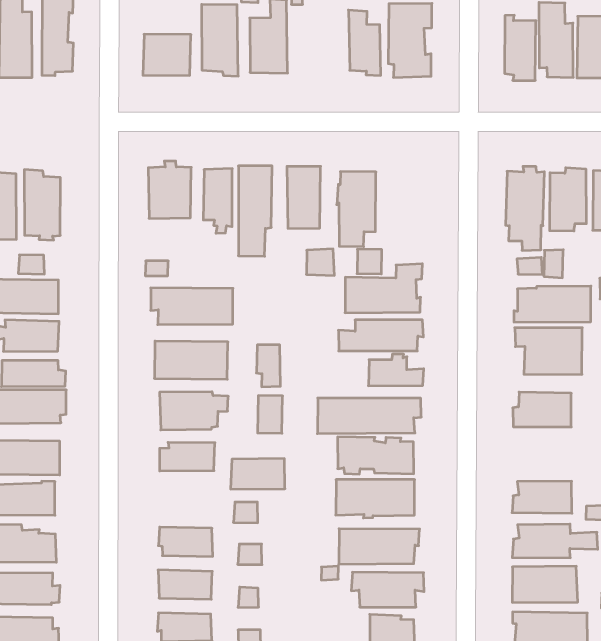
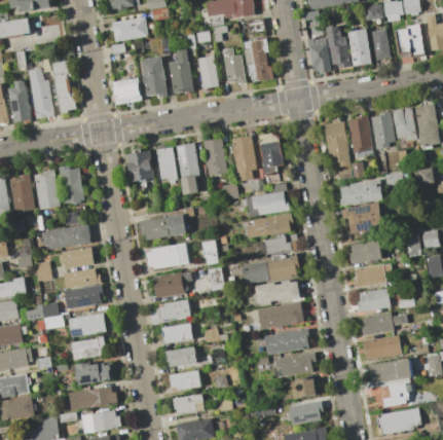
building: none -> [198,56,219,88]
building: none -> [259,133,284,173]
building: none -> [353,263,392,287]
building: [231,459,285,489] -> [161,322,193,343]

